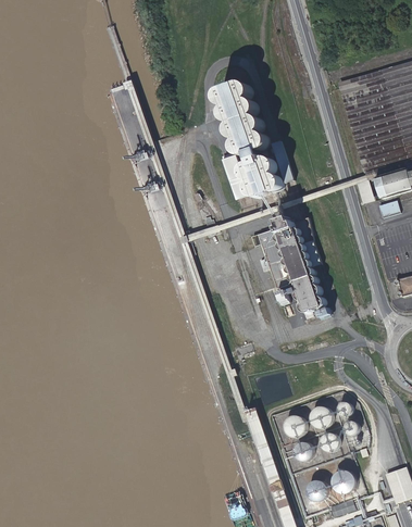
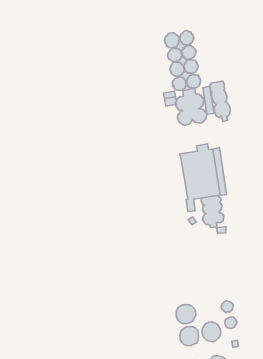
building: none -> [210,81,230,121]
building: [310,406,334,429] -> none

